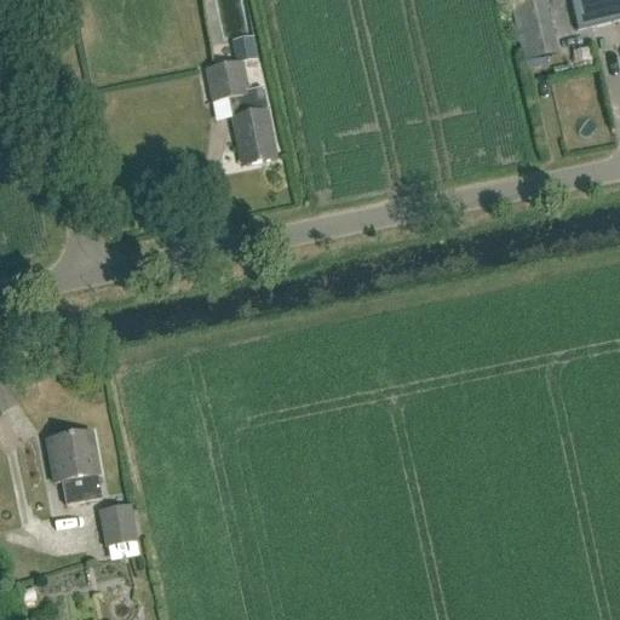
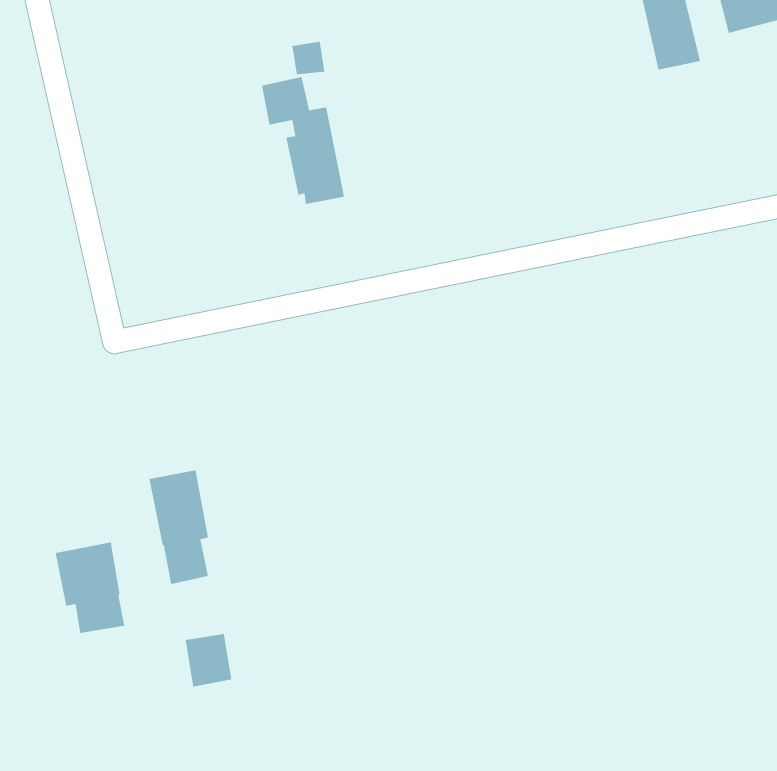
building: none -> [149,469,209,585]
building: [101,504,138,546] -> [185,634,232,687]

